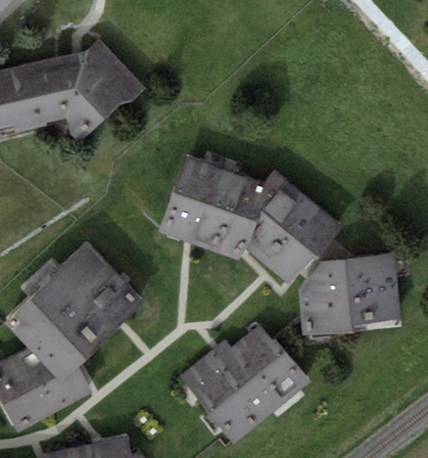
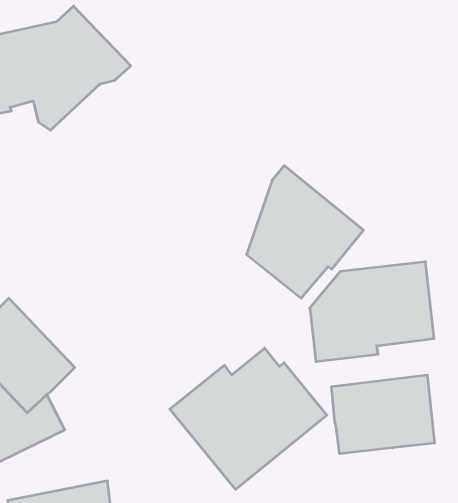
building: [157,156,265,260] -> none
building: [44,244,141,341] -> none
building: none -> [332,375,435,454]

